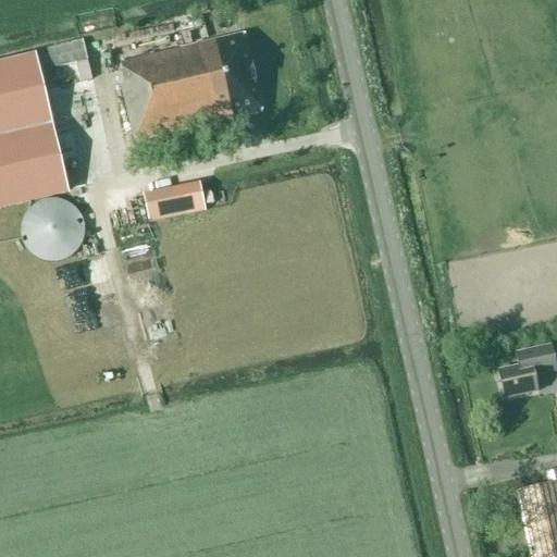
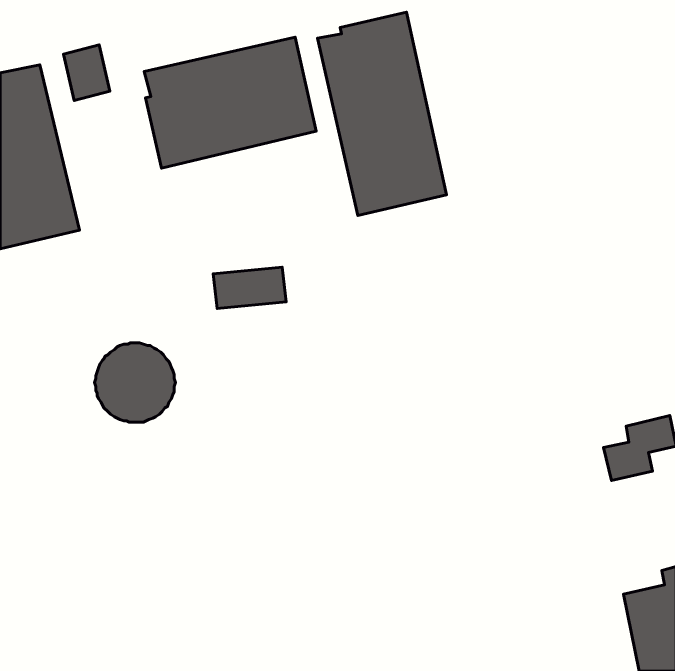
building: none -> [317,12,446,215]
building: [147,183,207,216] -> [213,267,286,308]
building: [21,194,87,259] -> [95,343,175,422]

